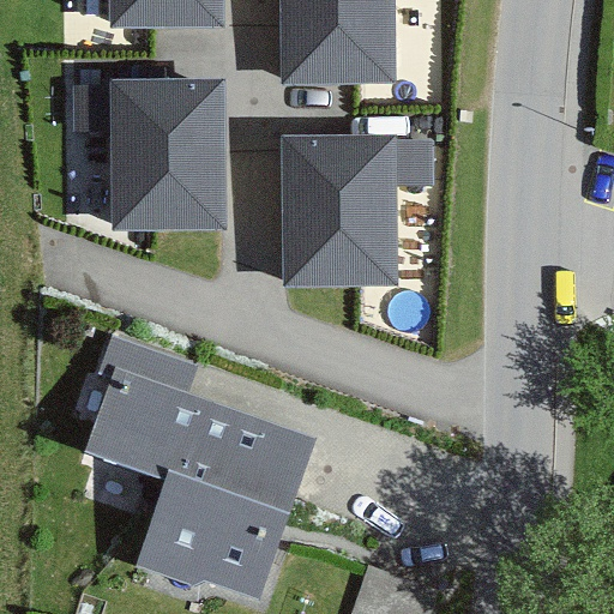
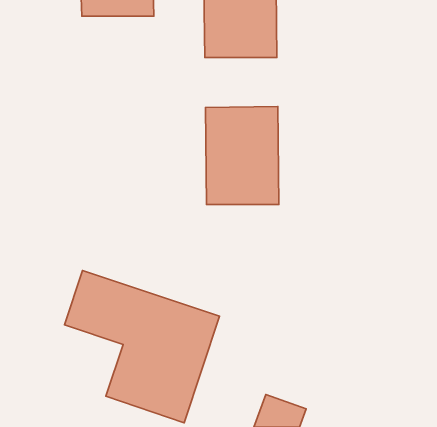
building: [115,90,217,228] -> none

